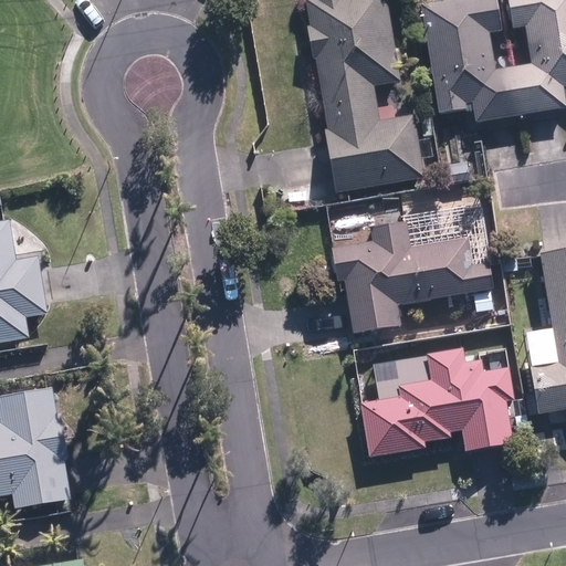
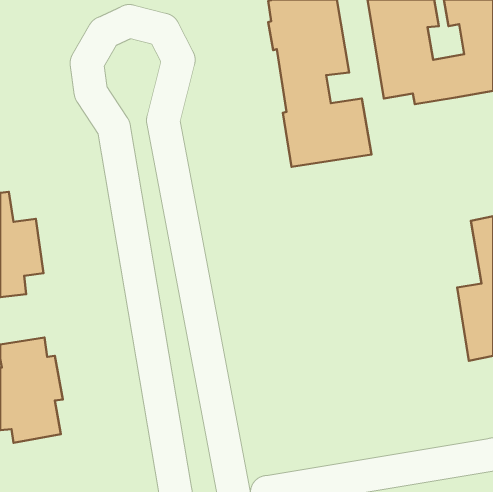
building: [332,218,494,332] -> none
building: [364,348,514,454] -> none

